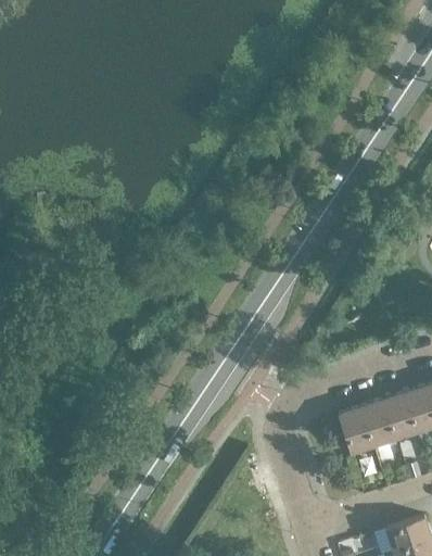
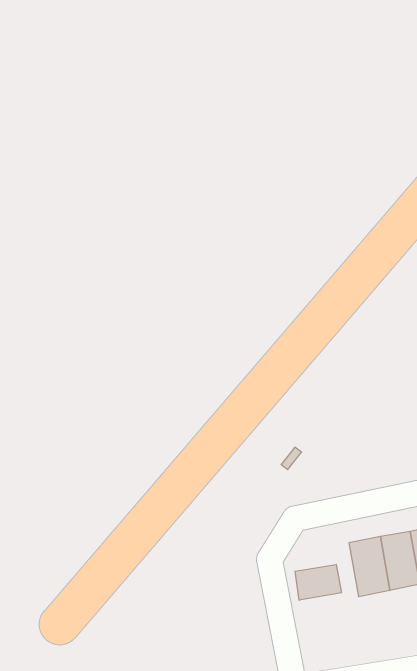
building: none -> [295,564,341,600]

